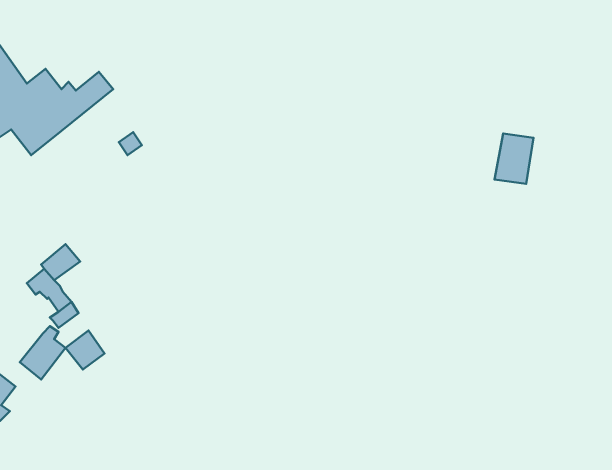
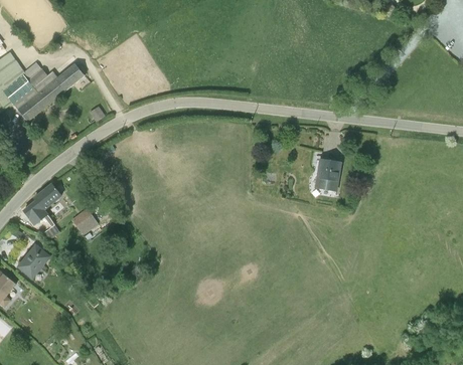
building: [495,134,533,184] -> [313,156,340,191]
building: [66,331,104,369] -> [70,208,98,235]

